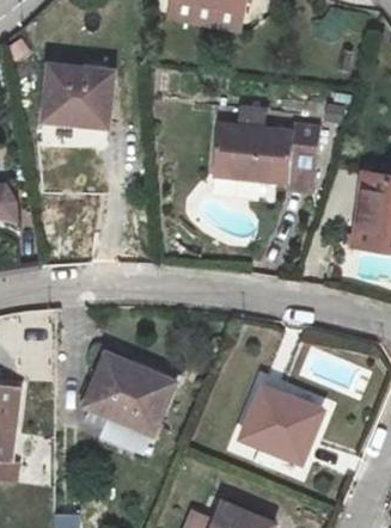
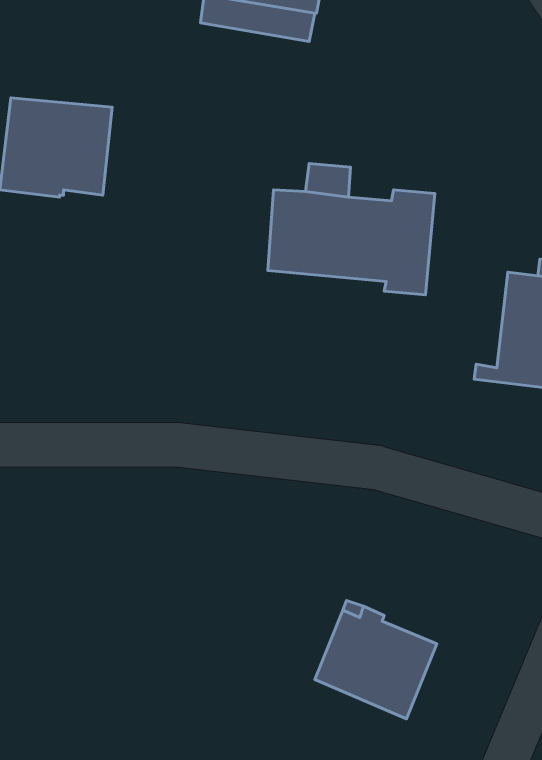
building: [83,354,175,435] -> none

